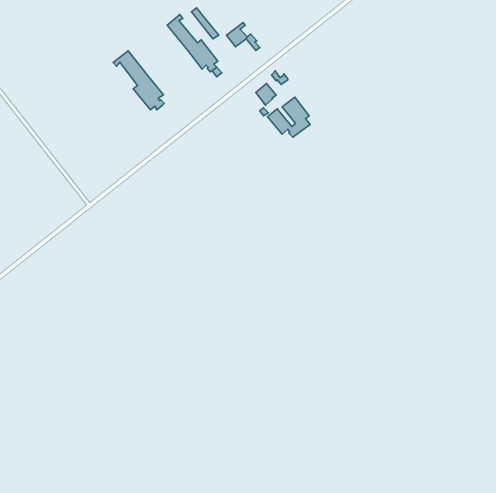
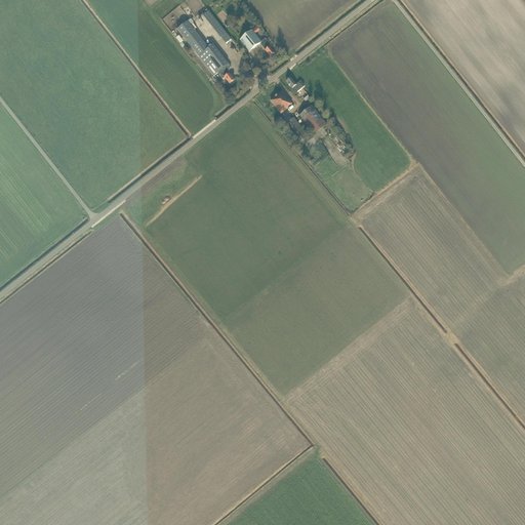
building: [113,51,164,110] -> none

